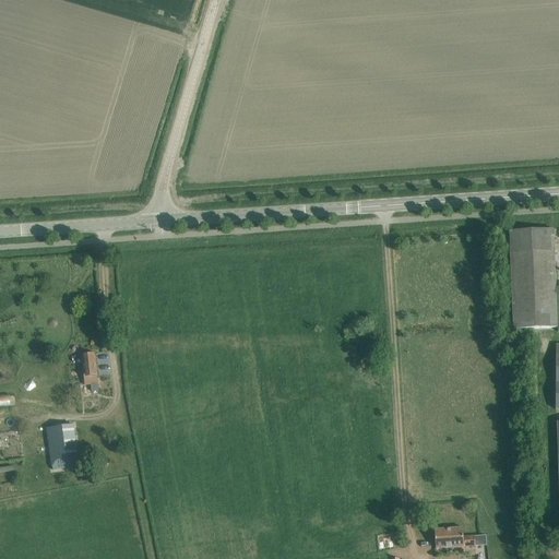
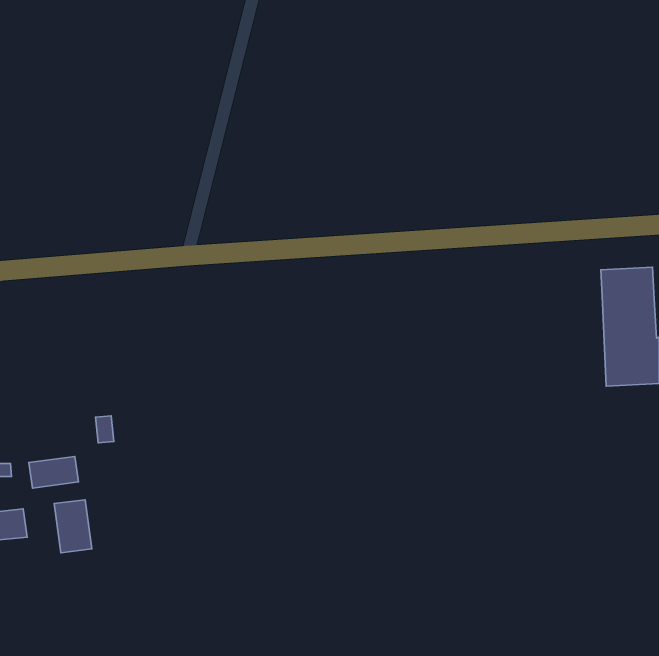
building: none -> [29,456,78,488]
building: [433,525,474,546] -> none

